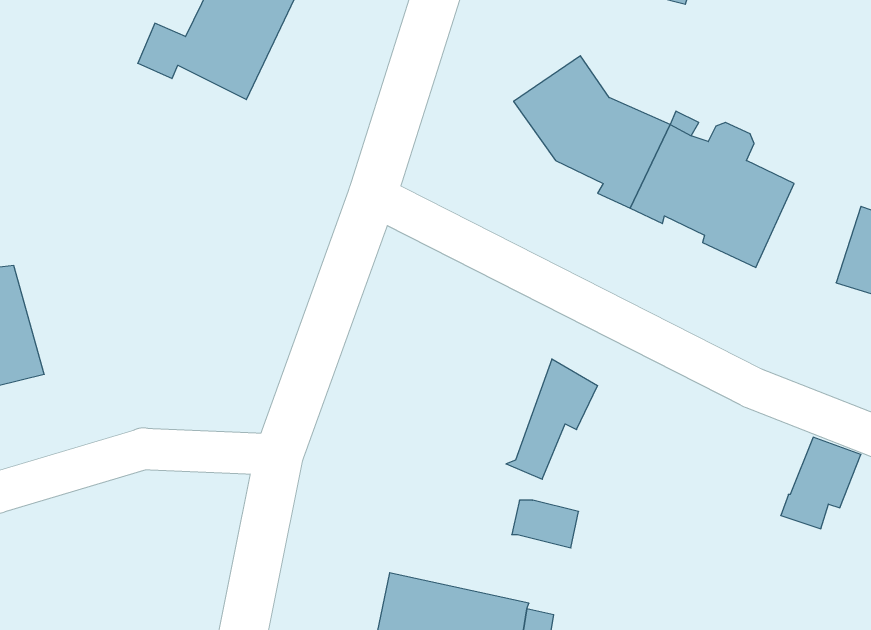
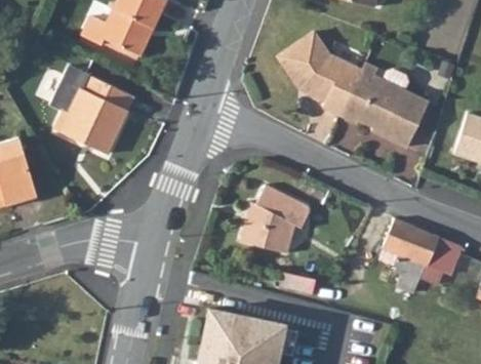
building: none -> [42,63,126,152]
building: none -> [247,183,298,250]
building: none -> [393,225,439,293]

